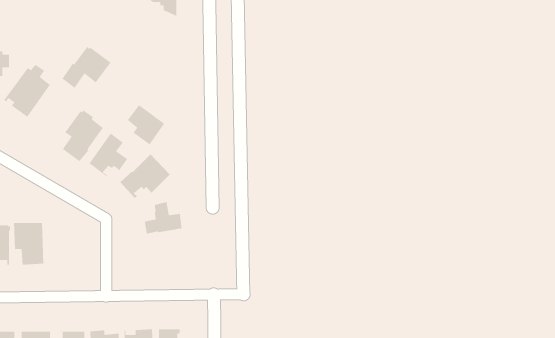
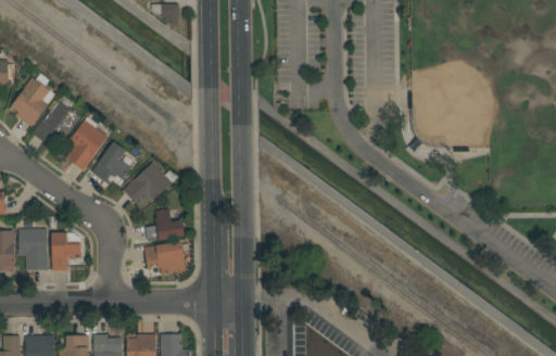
building: [62,46,111,89] -> [31,101,80,143]
building: [127,104,165,146] -> none
building: none -> [51,232,80,270]
building: none -> [143,241,186,275]

